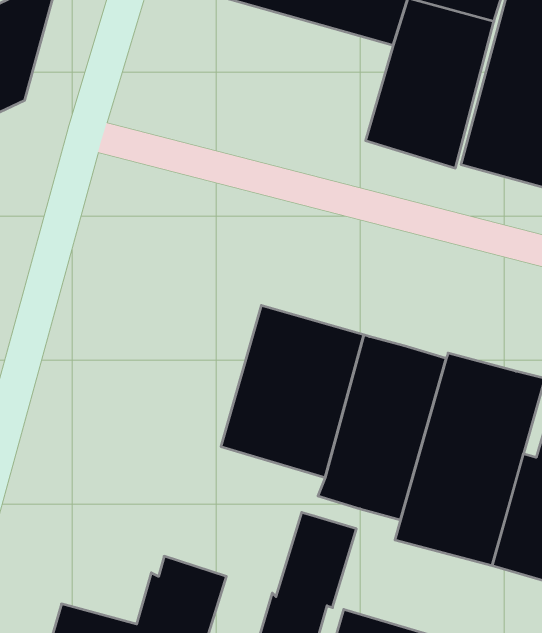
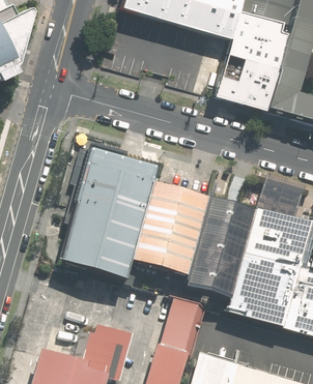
building: none -> [58,152,156,284]
building: none -> [258,179,305,220]

